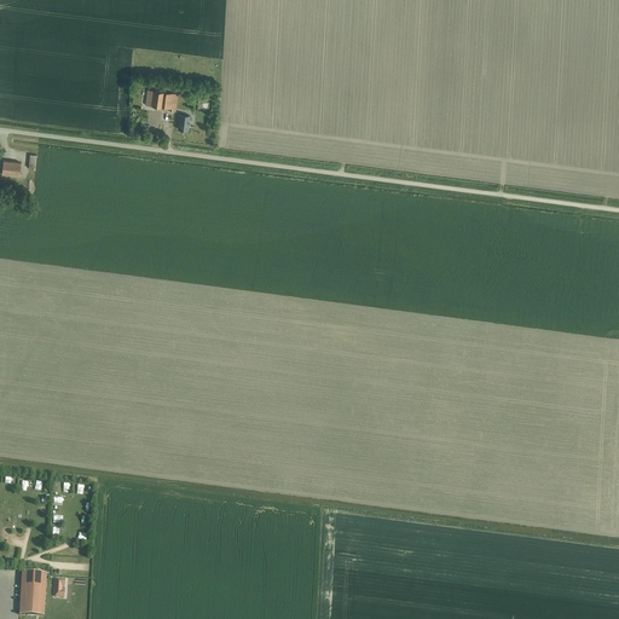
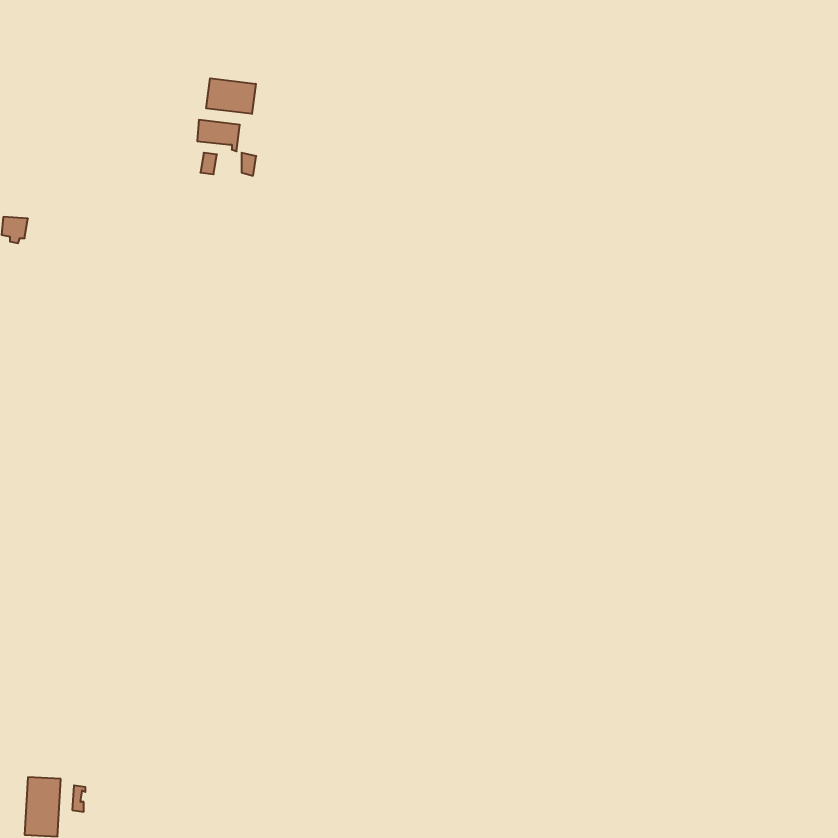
building: none -> [206,78,256,114]

